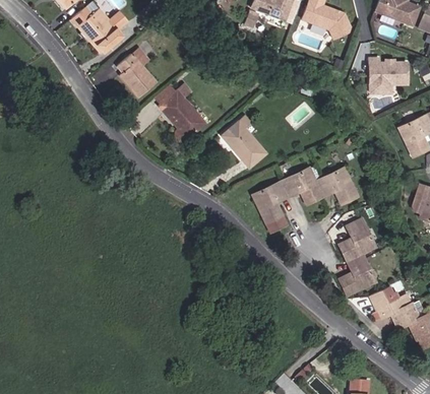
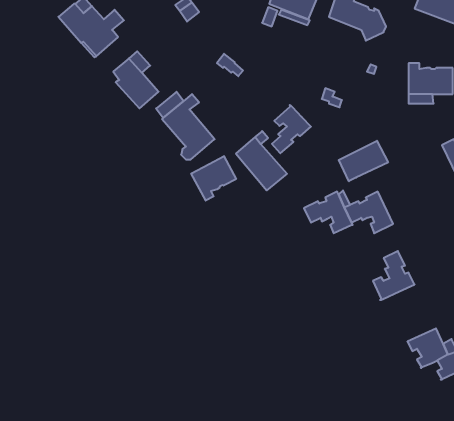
building: none -> [272,105,311,153]
building: none -> [339,141,388,181]
building: none -> [191,156,236,201]
building: [252,182,287,232] -> none
building: [340,253,375,294] -> none

